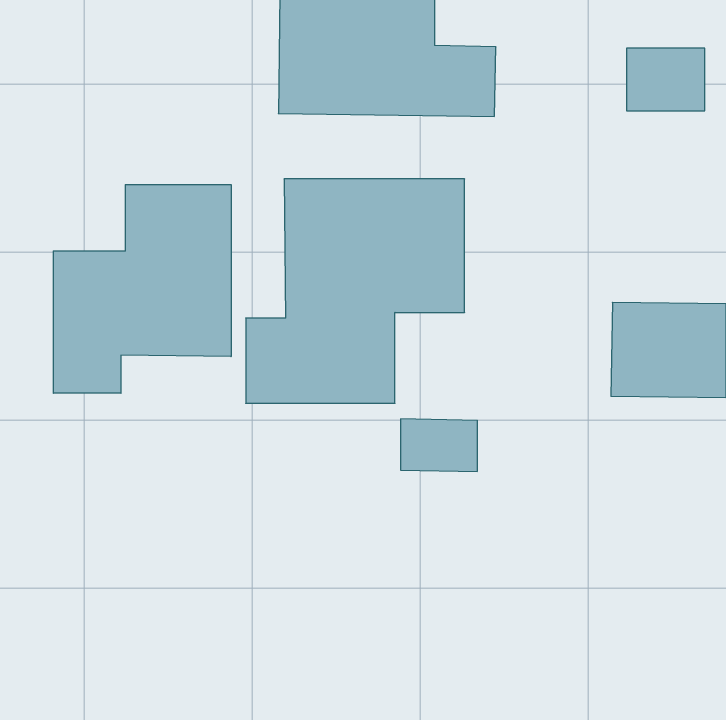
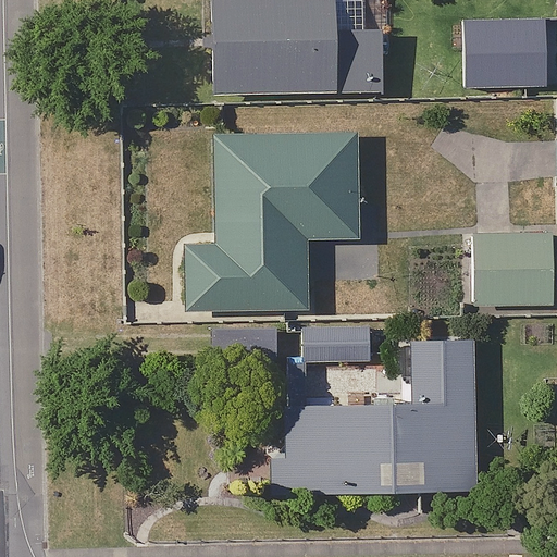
building: [53,185,231,393] -> none
building: none -> [280,344,475,493]

